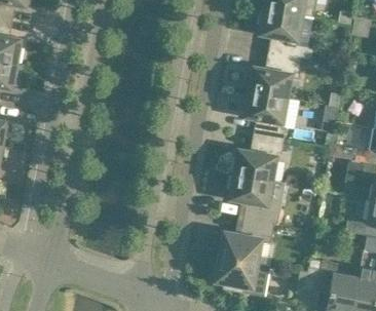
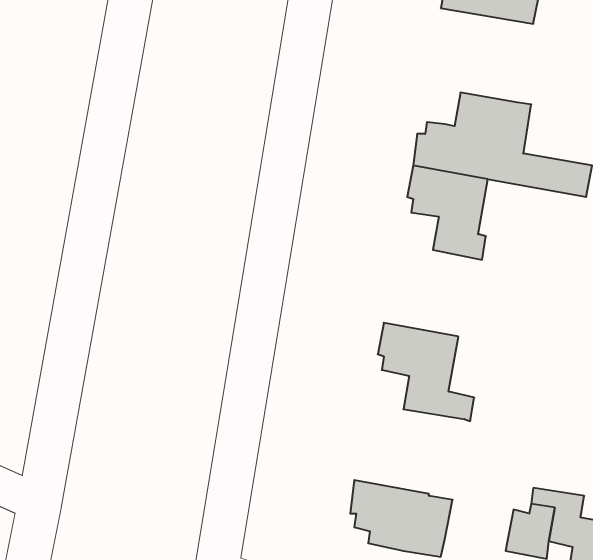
building: [259,7,313,59] -> none
building: [232,133,284,179] -> none
building: [217,217,274,261] -> none

